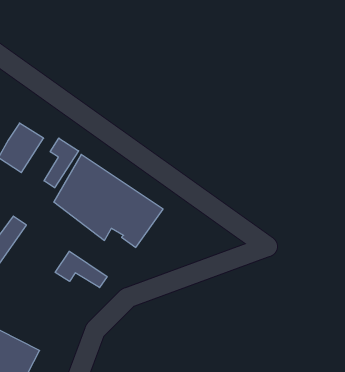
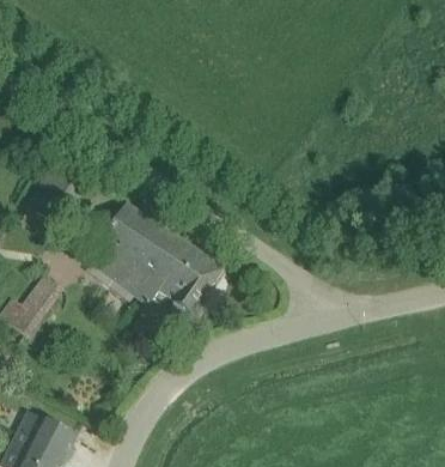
building: [44,138,79,188] -> none
building: [55,251,107,288] -> none

